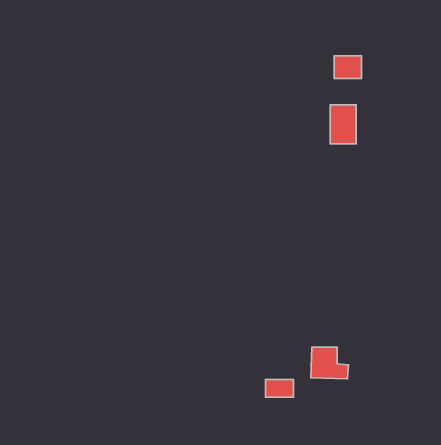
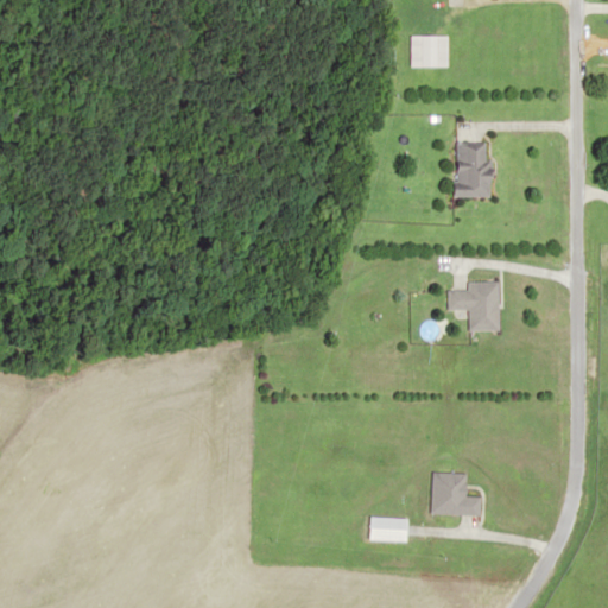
building: [334,56,361,78] -> [412,36,449,66]
building: none -> [448,281,499,330]

